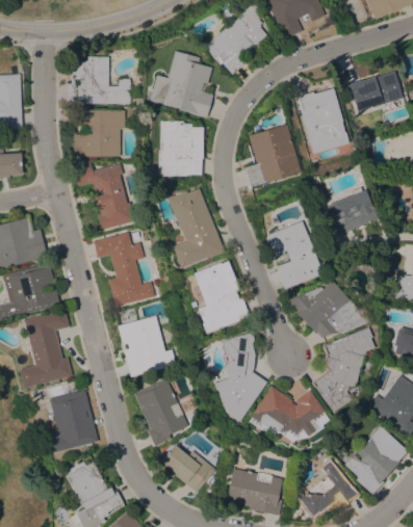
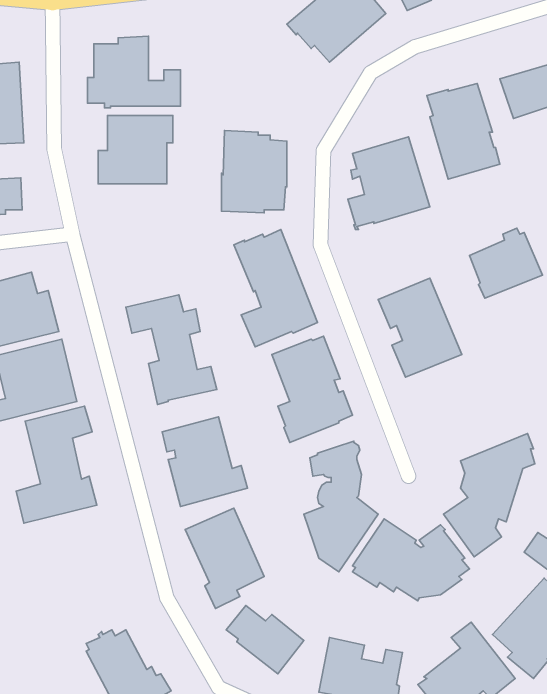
building: [150,50,213,117] -> none
building: [73,159,135,229] -> none
building: [284,280,368,337] -> none
building: [49,389,98,452] -> none

